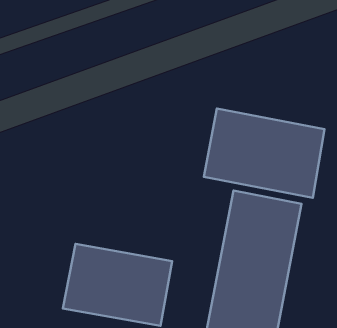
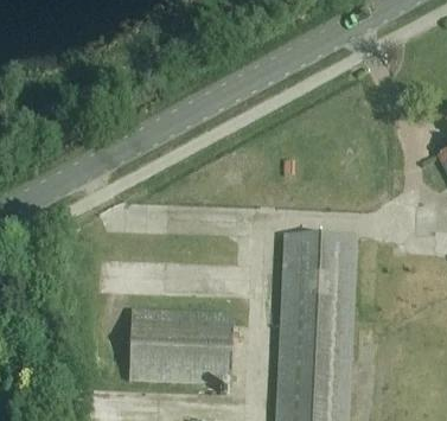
building: [204,109,325,198] -> none

